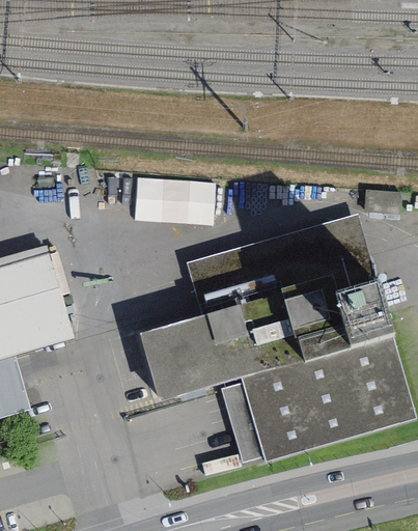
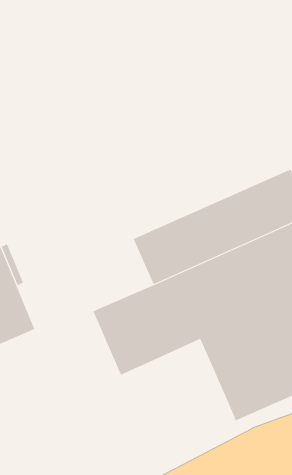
building: [138,179,217,223] -> none
building: [221,382,264,463] -> none

